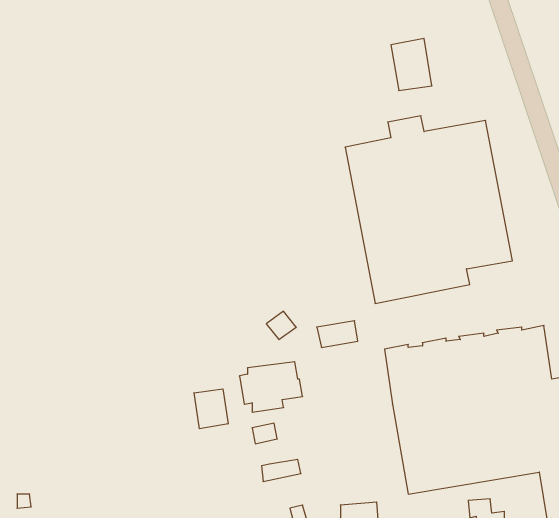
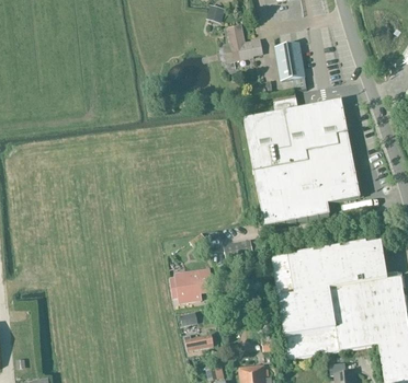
building: none -> [223,22,263,61]
building: [194,389,228,429] -> none

